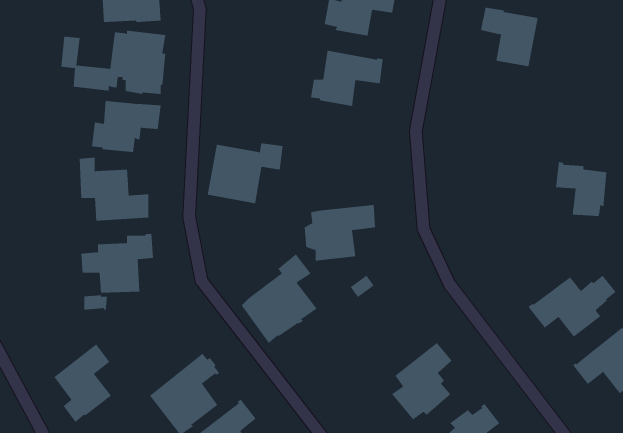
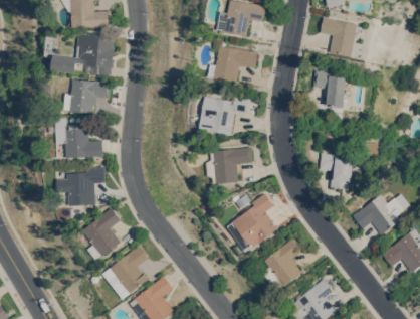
building: none -> [313,69,347,107]
building: [207,143,284,204] -> [200,95,250,135]
building: [555,161,607,216] -> [319,152,353,188]
building: [241,253,317,344] -> [228,192,278,252]
building: [54,343,112,423] -> [83,207,122,260]

